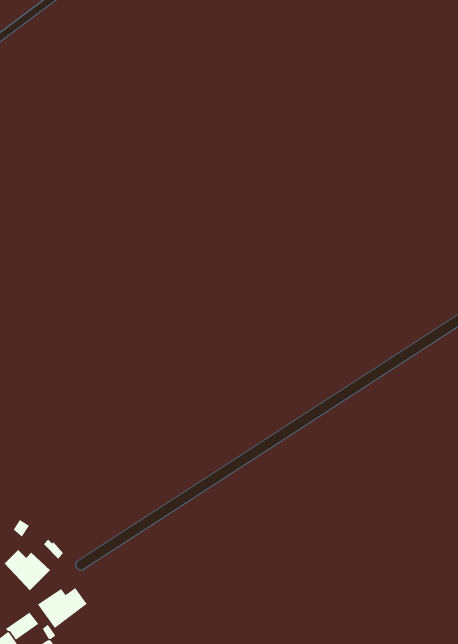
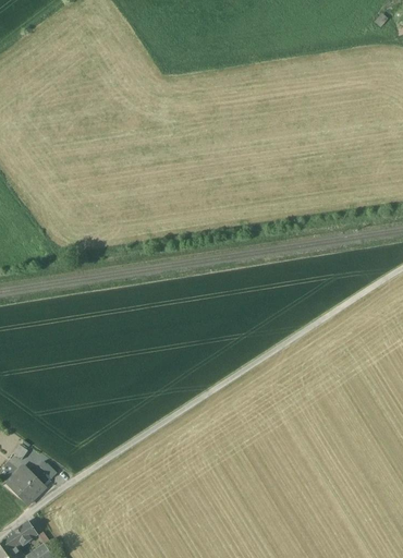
building: [37,587,87,629] -> none

